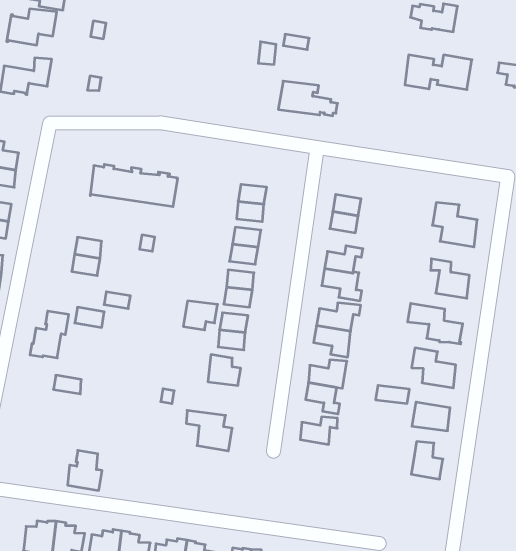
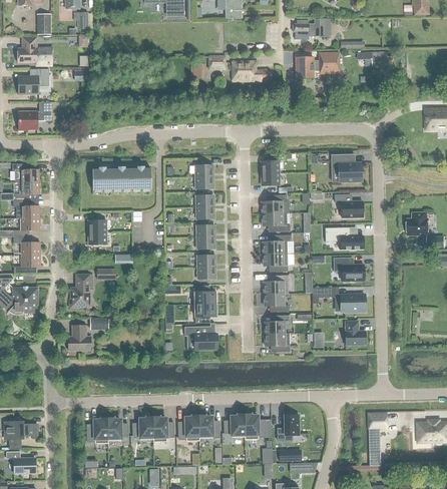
building: [278,81,338,116] -> [231,61,271,82]
building: [183,301,218,330] -> [194,304,215,323]
building: none -> [265,334,289,352]
building: [68,450,102,490] -> [67,325,90,350]

